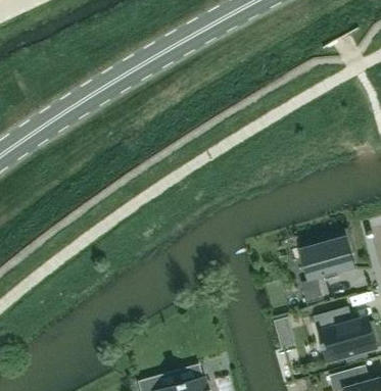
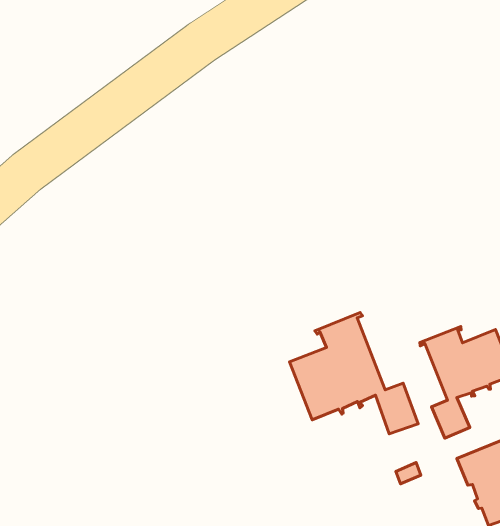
building: none -> [289,313,418,434]

